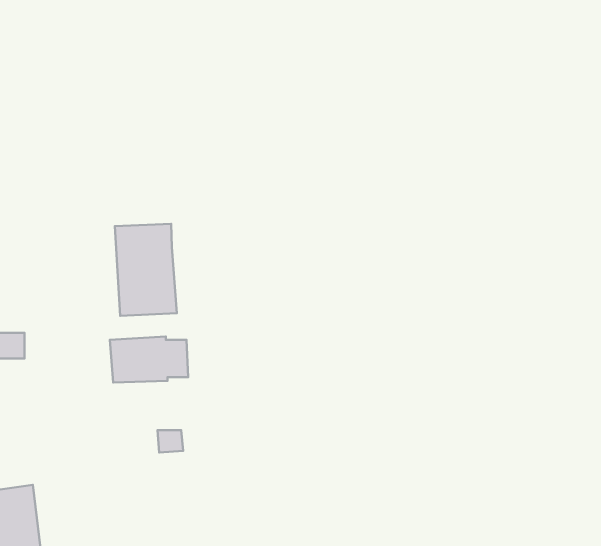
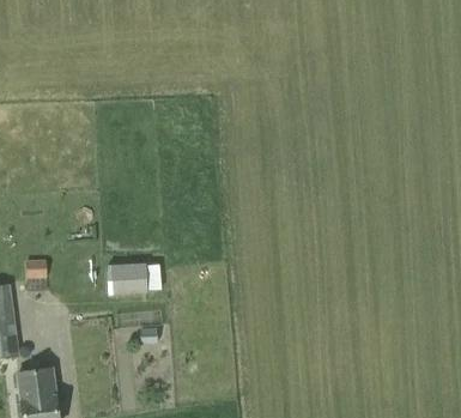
building: [115,224,177,316] -> none

